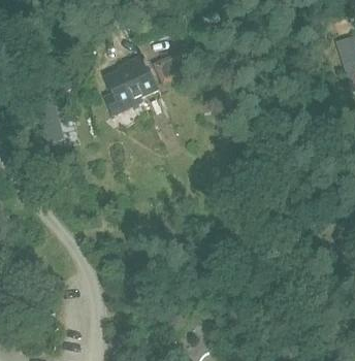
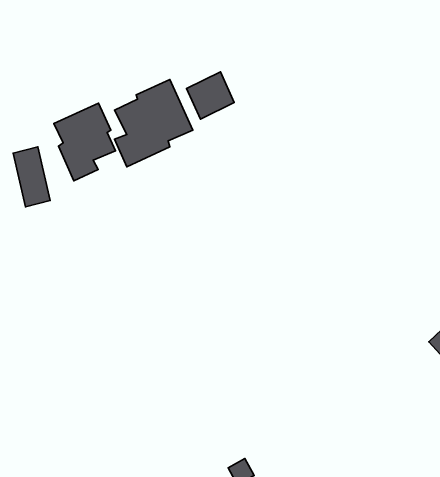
building: none -> [54,103,115,181]

